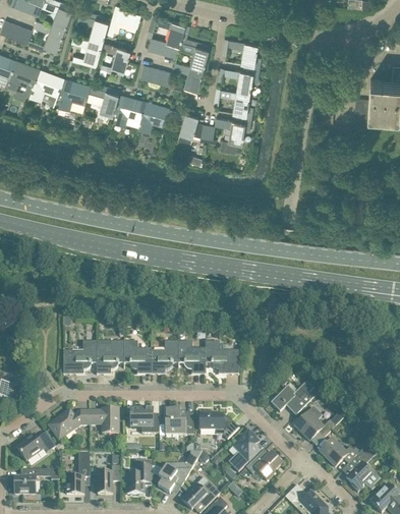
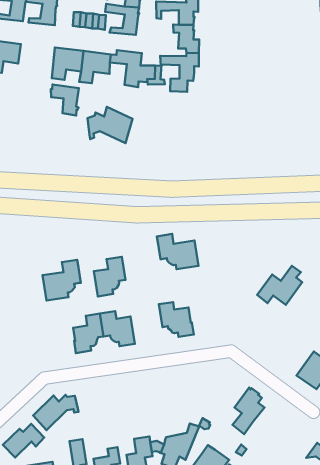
building: [93,82,119,114] -> [51,85,79,116]
building: none -> [88,107,133,143]
building: [63,342,97,375] -> [43,260,81,300]
building: [151,342,178,375] -> [94,257,126,296]
building: [205,342,238,375] -> [157,234,198,269]
building: [271,382,313,416] -> [257,266,302,305]
building: [130,408,159,434] -> none
building: [165,408,193,436] -> none
building: [89,409,118,434] -> none
building: [199,412,238,440] -> none
building: [245,452,282,481] -> none

